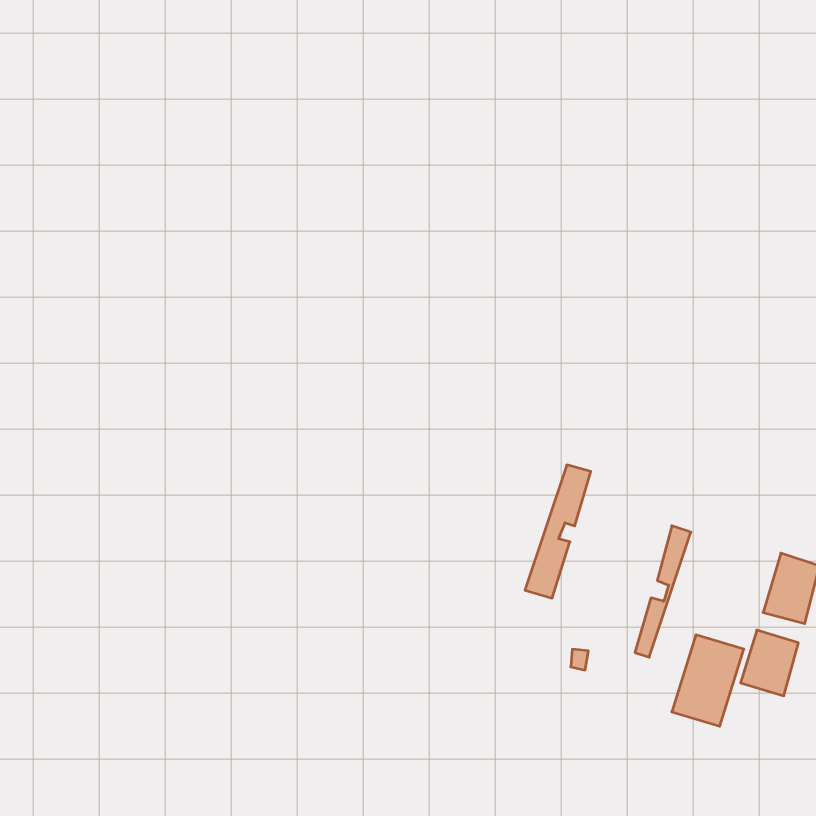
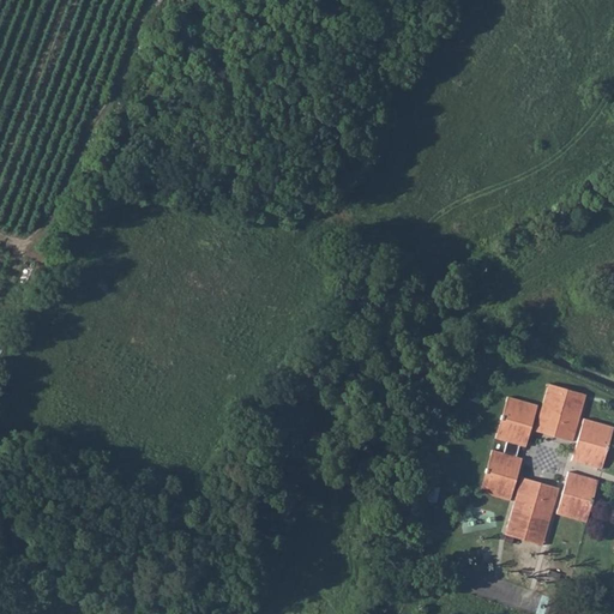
building: [525,465,591,598] -> [488,401,537,500]
building: none -> [536,383,586,443]

